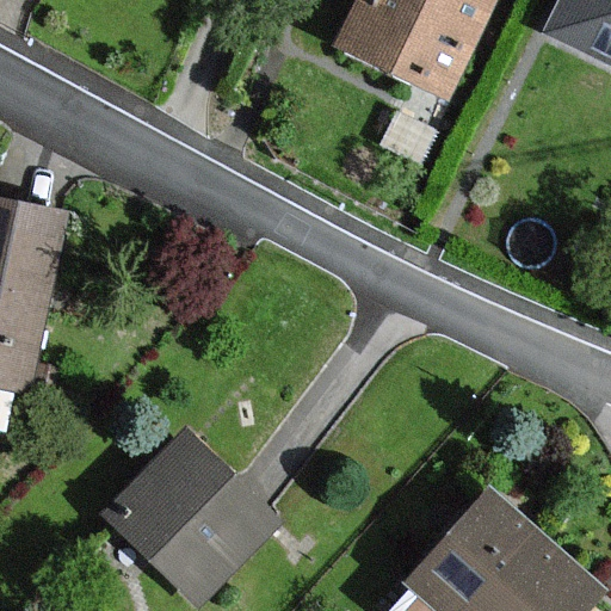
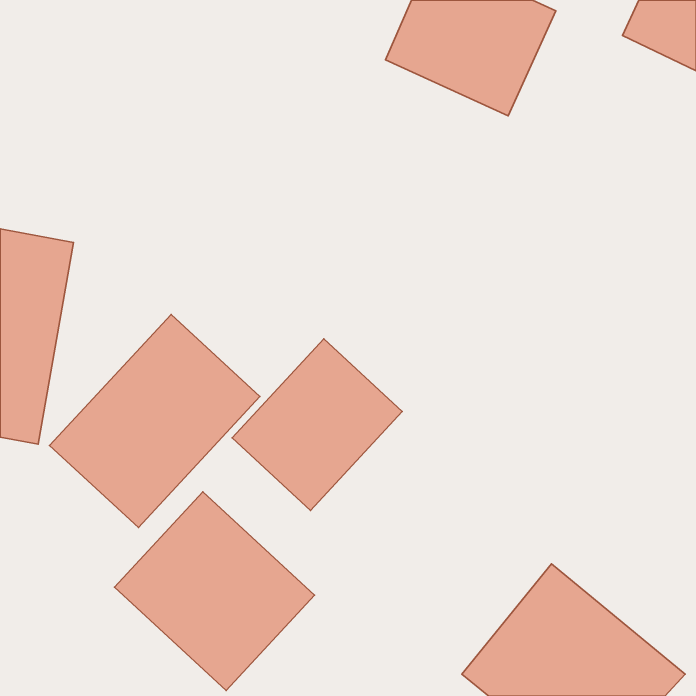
building: none -> [50,314,260,527]
building: none -> [232,339,402,510]

